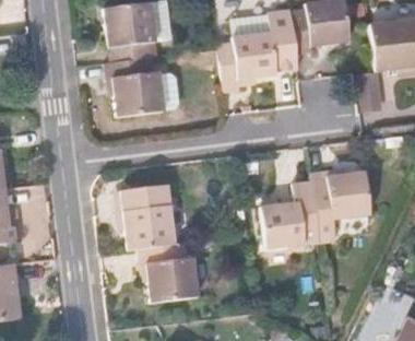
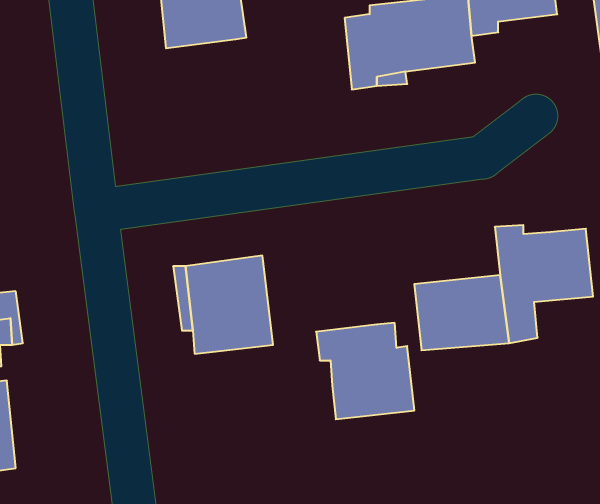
building: [106,55,166,114] -> none
building: [140,240,200,299] -> [316,323,414,419]

